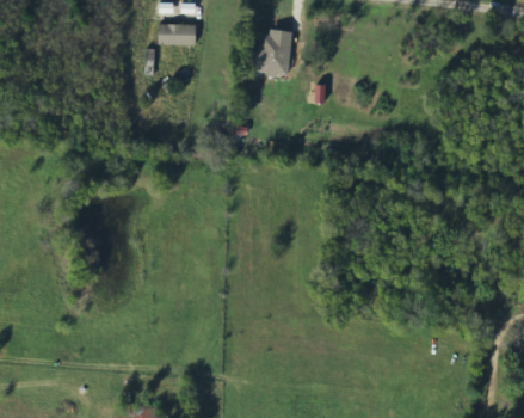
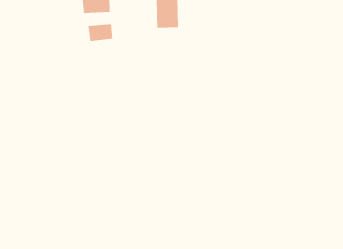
building: none -> [88,23,113,42]

